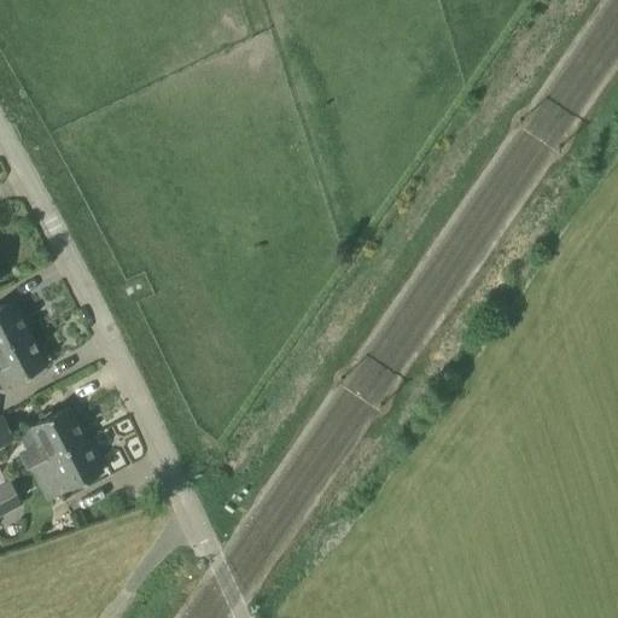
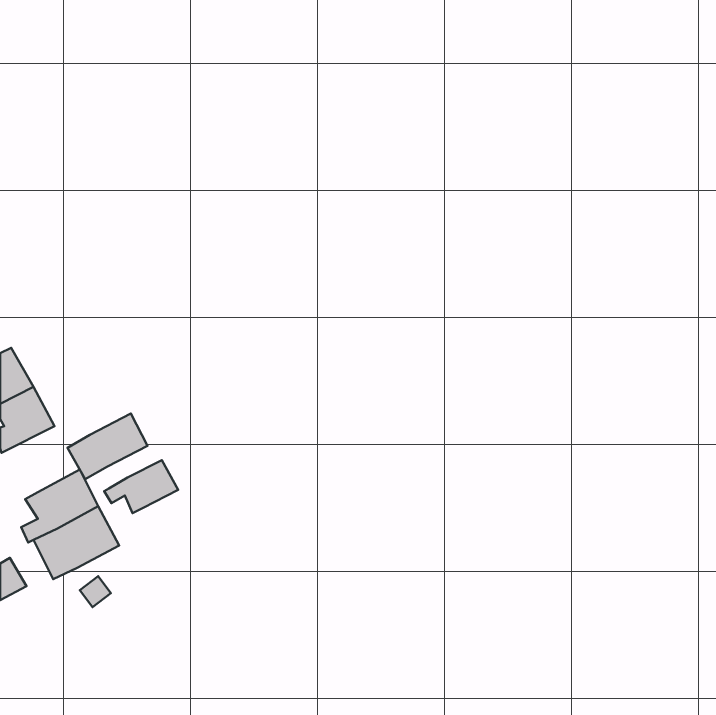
building: none -> [68,413,148,479]
building: none -> [104,460,178,513]

